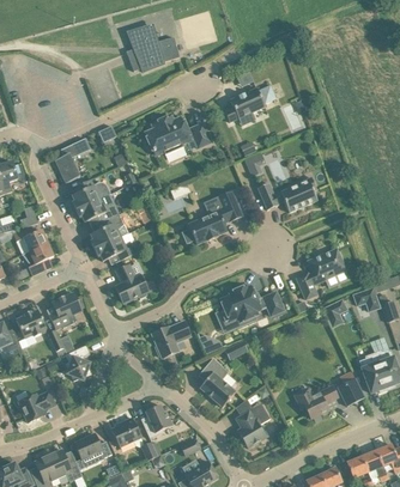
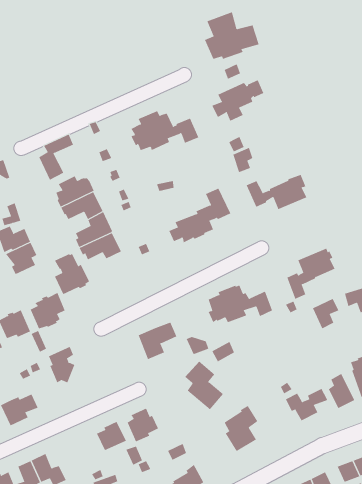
building: [125,24,178,71] -> [204,11,259,59]
building: [114,263,149,304] -> [54,253,90,295]
building: [73,434,110,459] -> none

